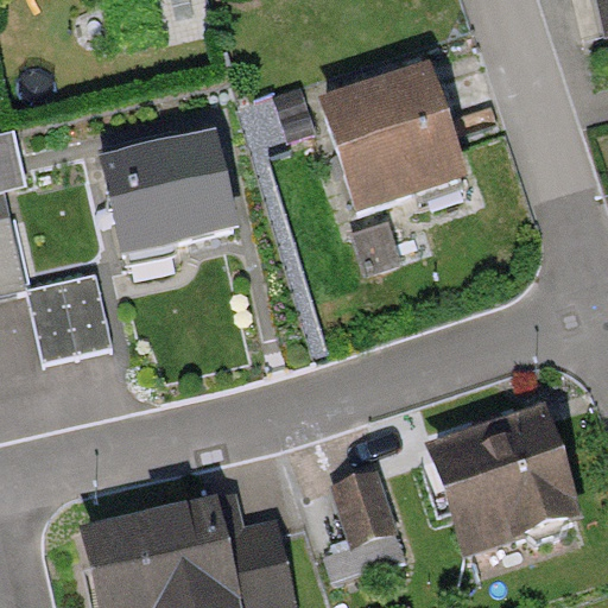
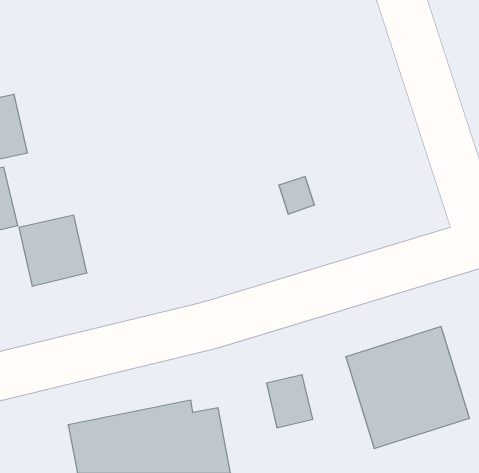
building: [322,72,457,208] -> none
building: [97,142,230,251] -> none

